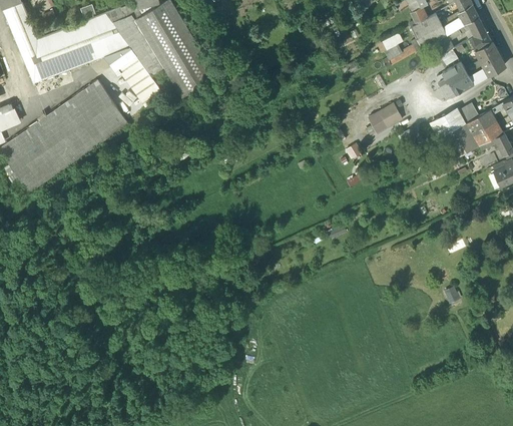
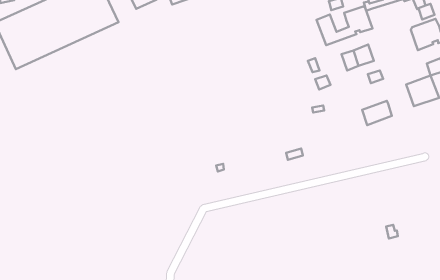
building: none -> [317,7,373,45]
building: [433,107,465,136] -> [362,101,392,125]

